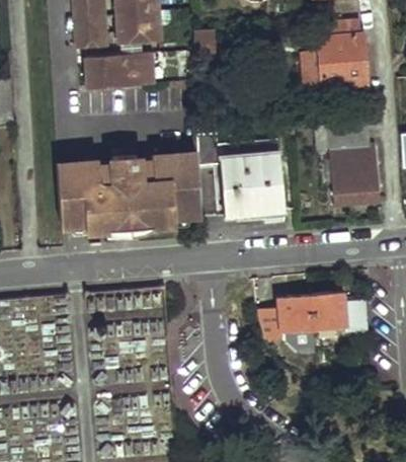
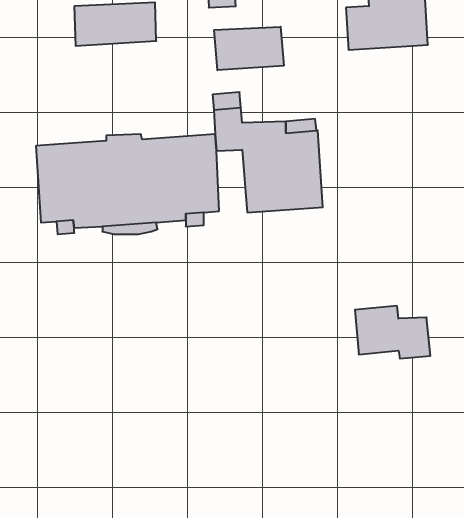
building: none -> [214,27,284,70]
building: [328,122,379,208] -> none
building: [257,295,312,340] -> none

